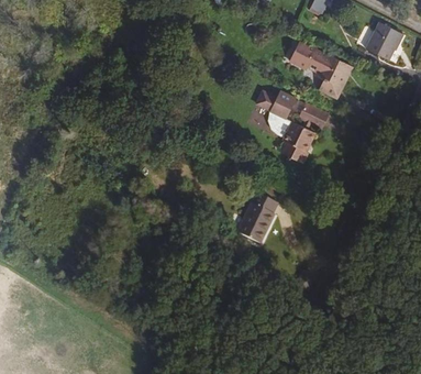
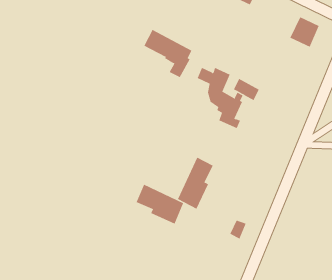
building: [292,44,350,101] -> [144,29,192,78]
building: none -> [136,184,184,225]

